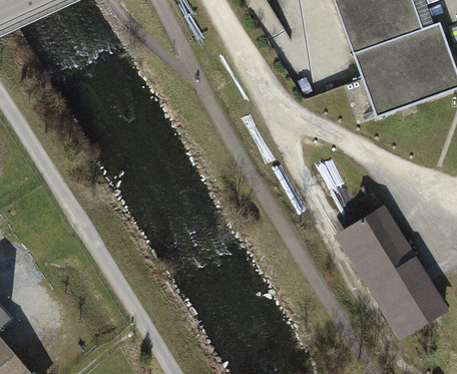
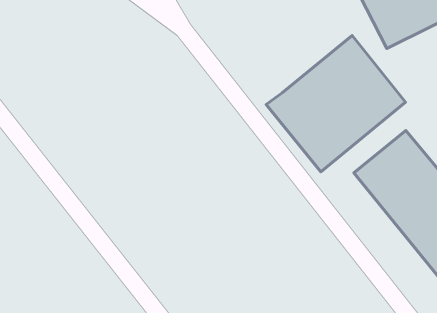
building: none -> [266,35,406,172]

